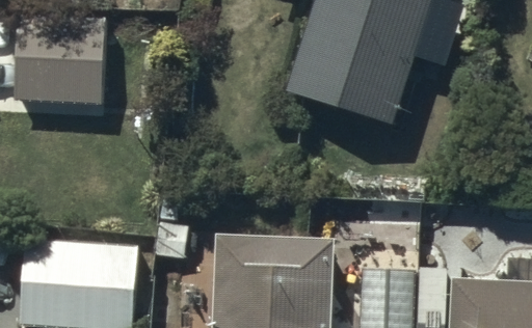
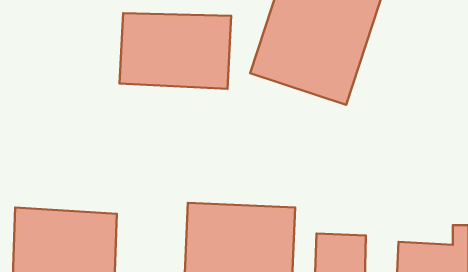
building: [15,16,105,103] -> none
building: none -> [120,13,231,89]

